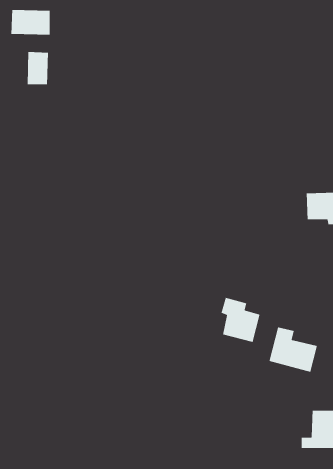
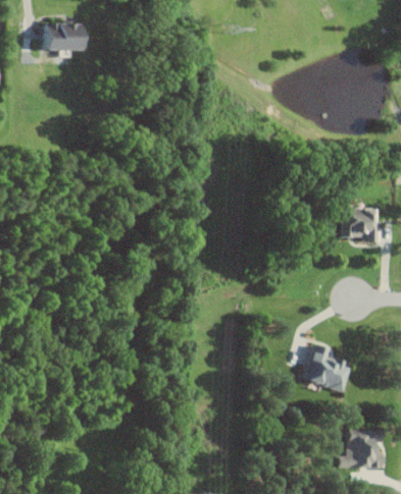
building: [27,51,49,85] -> none
building: [221,297,260,343] -> none

